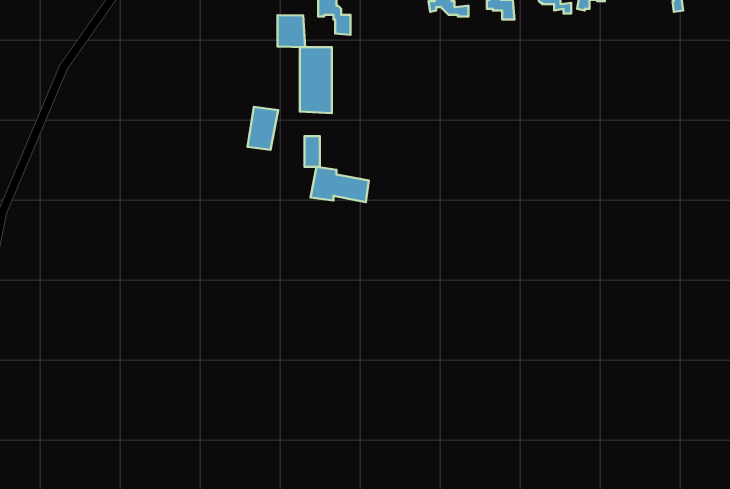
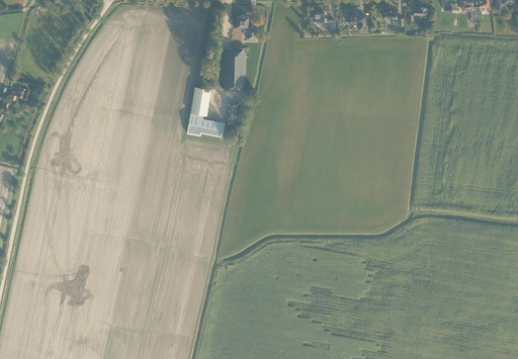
building: [277,15,305,47] -> none
building: [310,167,369,202] -> [186,113,225,137]

